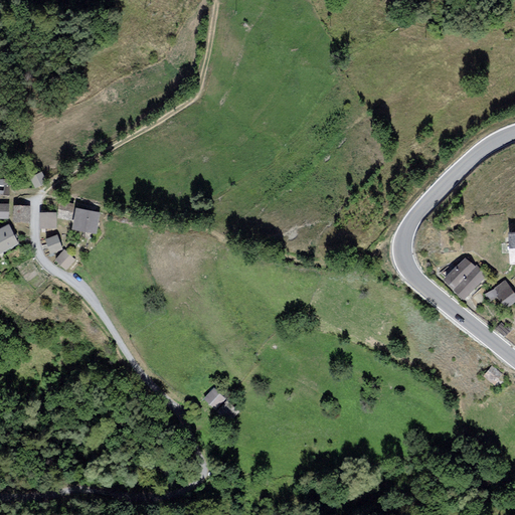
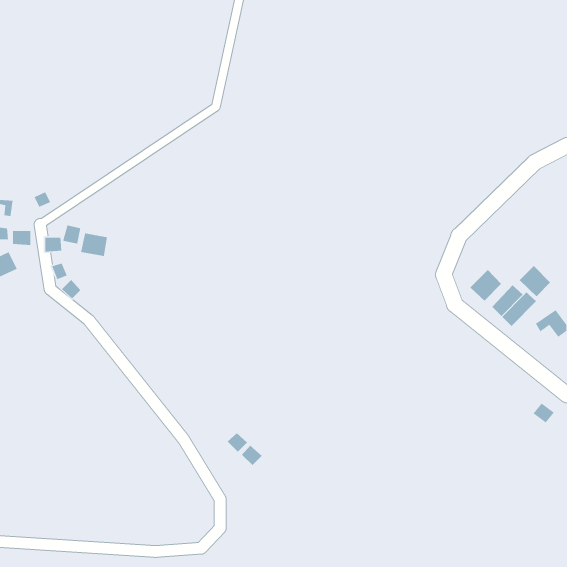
building: none -> [519,265,551,297]
building: none -> [469,269,502,301]

